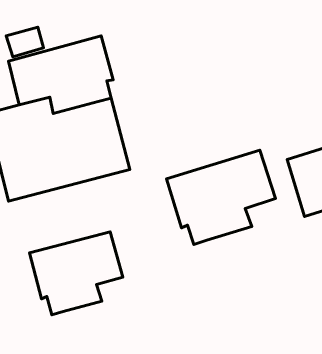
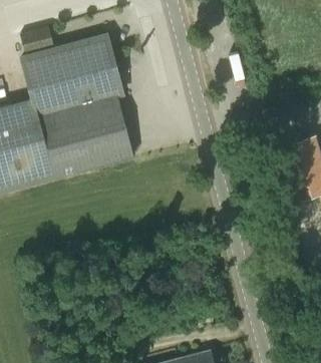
building: [167,150,276,245] -> none
building: [30,232,123,315] -> none

